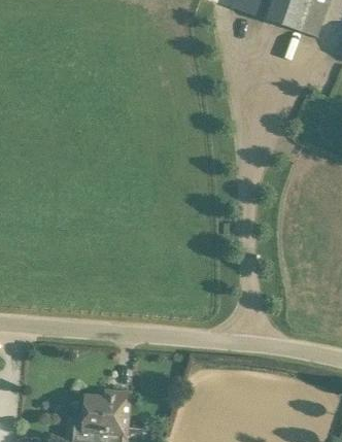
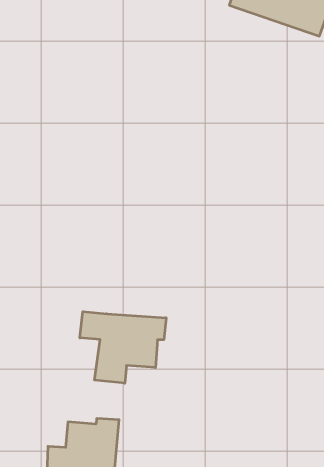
building: none -> [80,312,166,383]

